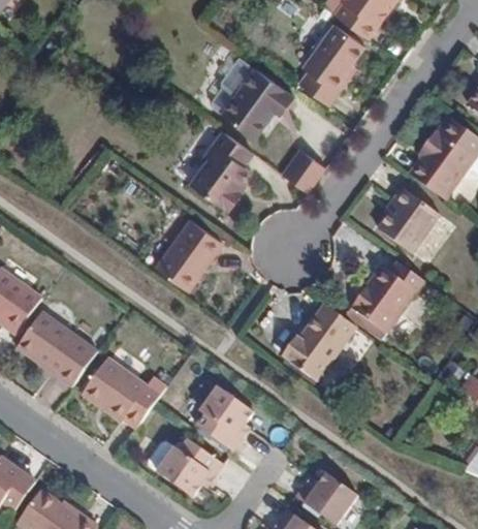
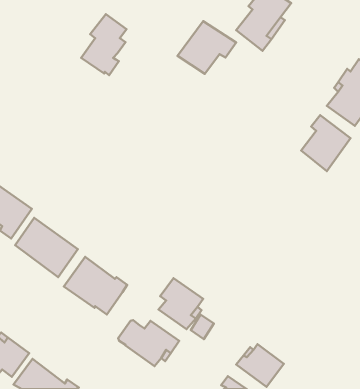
building: [195,128,252,205] -> [81,14,126,75]
building: [280,146,326,191] -> none
building: [158,217,221,286] -> none
building: [354,259,421,328] -> none
building: [291,305,360,379] -> none

